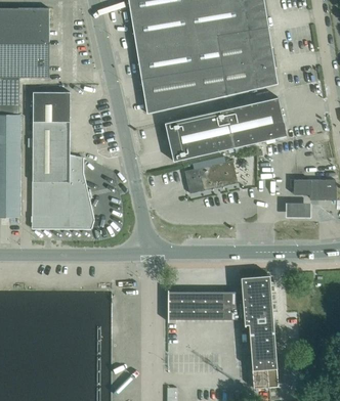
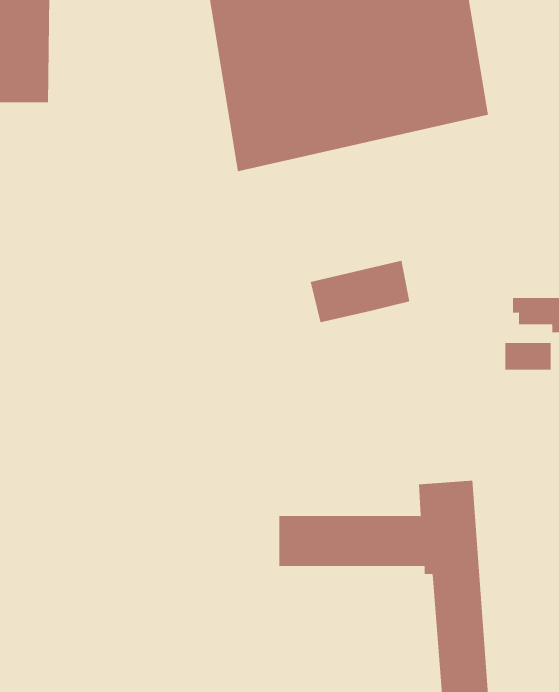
building: [32,93,93,229] -> none
building: [164,98,286,162] -> none

